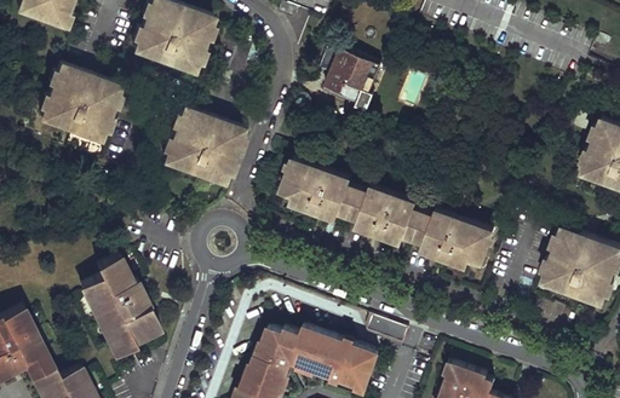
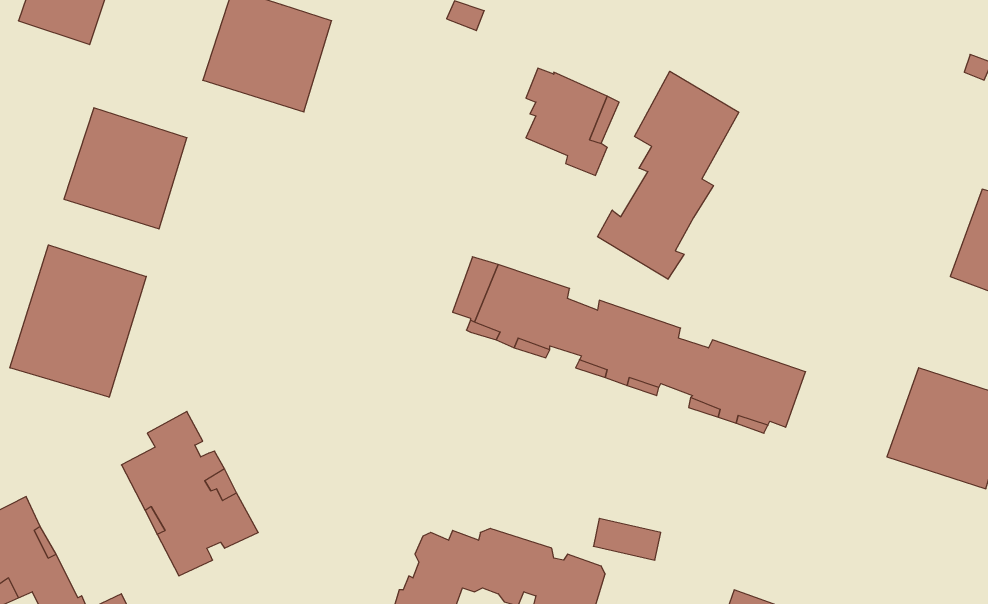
building: none -> [598,71,739,279]
building: [162,108,245,183] -> none
building: none -> [10,245,146,397]

